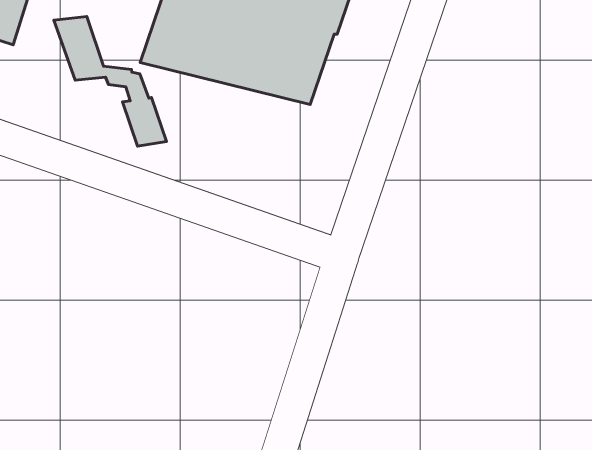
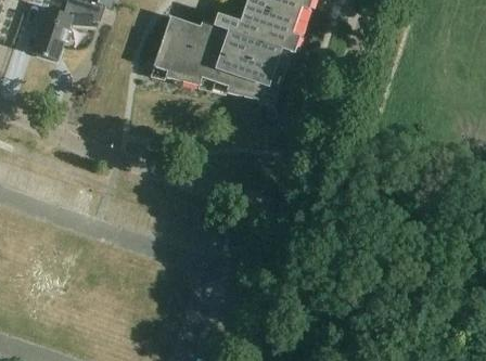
building: [54,16,167,146] -> none

